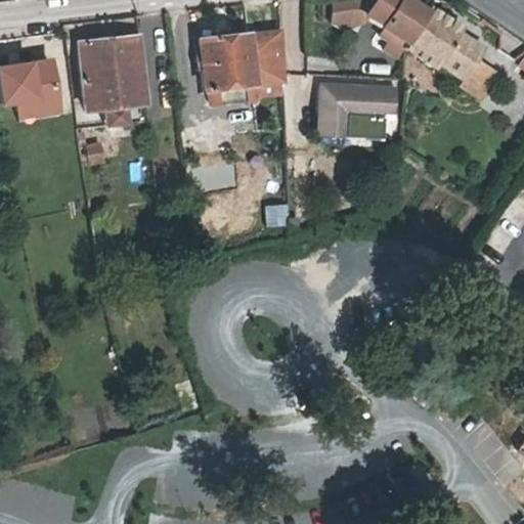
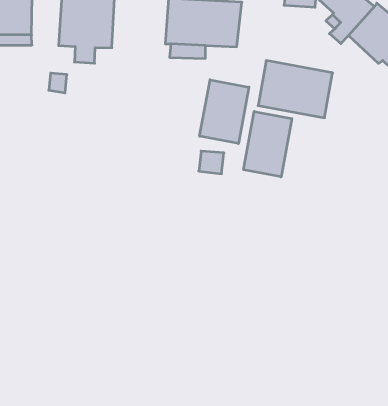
building: none -> [200,80,249,144]
building: none -> [244,111,292,177]

